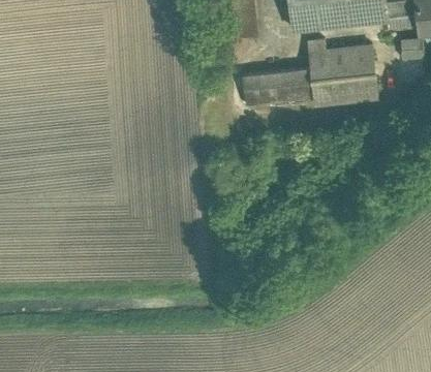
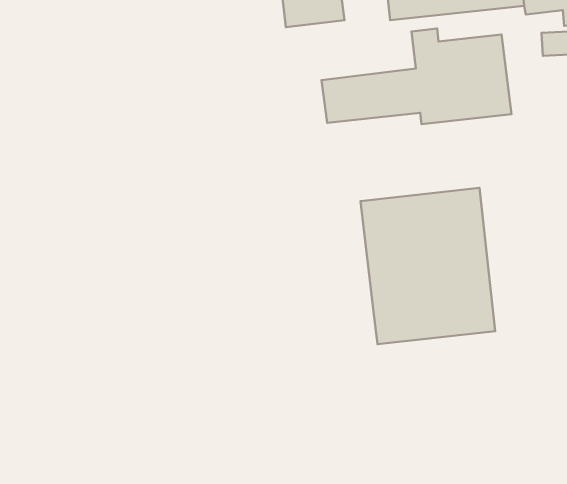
building: none -> [361,188,495,344]

